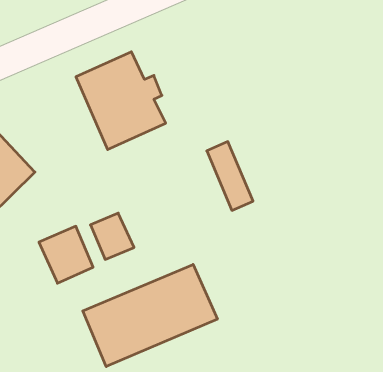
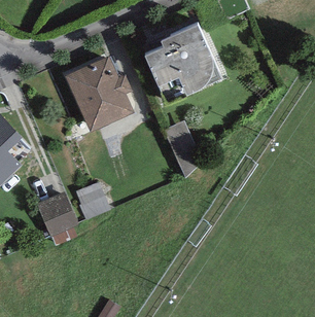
building: none -> [140,22,219,101]
building: [83,264,217,367] -> none

